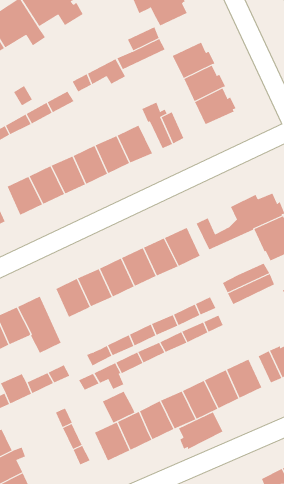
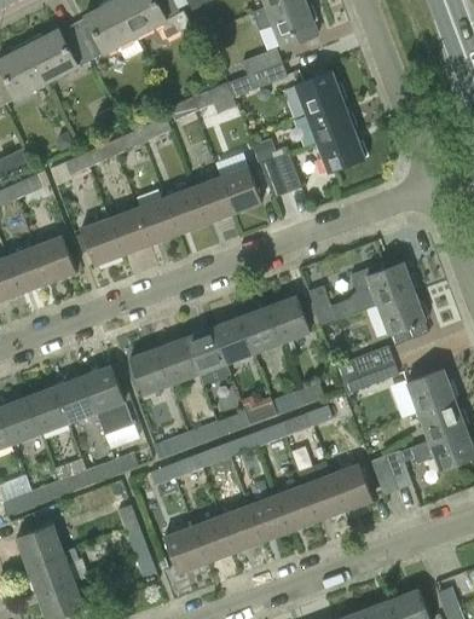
building: [102,391,135,424] -> none
building: [178,411,223,450] -> none

